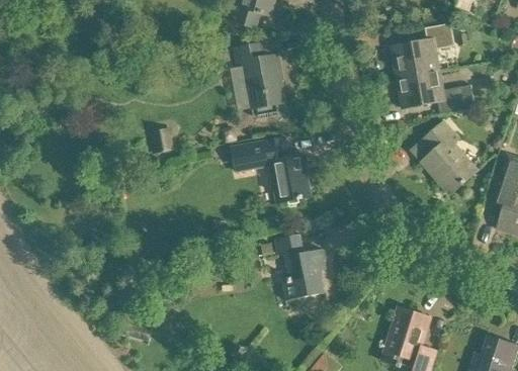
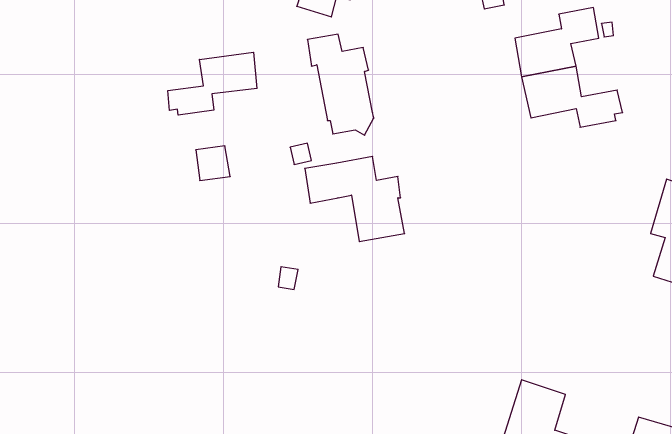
building: none -> [168,52,257,115]
building: [423,119,480,193] -> none
building: [277,234,328,298] -> none

